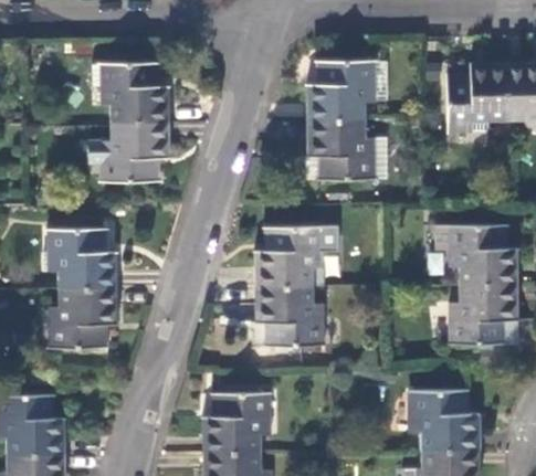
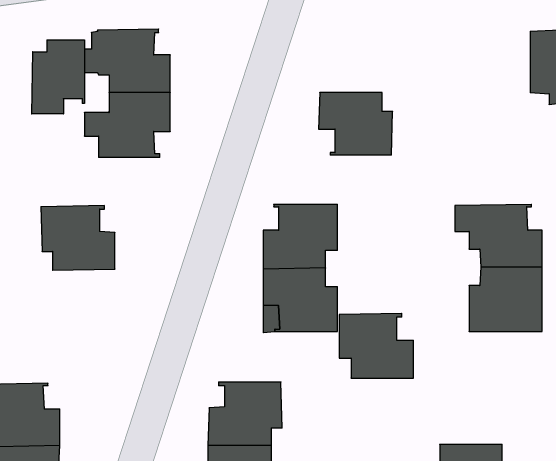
building: [308,59,392,120] -> none
building: [448,63,506,131] -> none
building: none -> [32,40,84,114]
building: [48,286,117,348] -> none
building: [410,390,480,451] -> [339,313,413,378]

